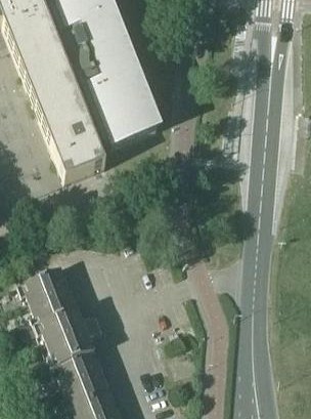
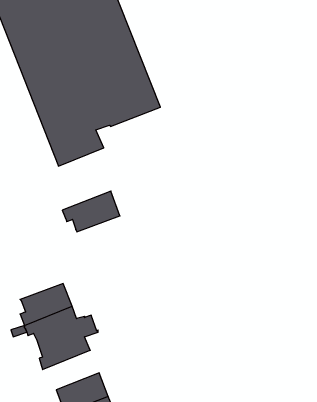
building: [18,263,71,300] -> [62,191,120,232]
building: [52,346,103,382] -> none

